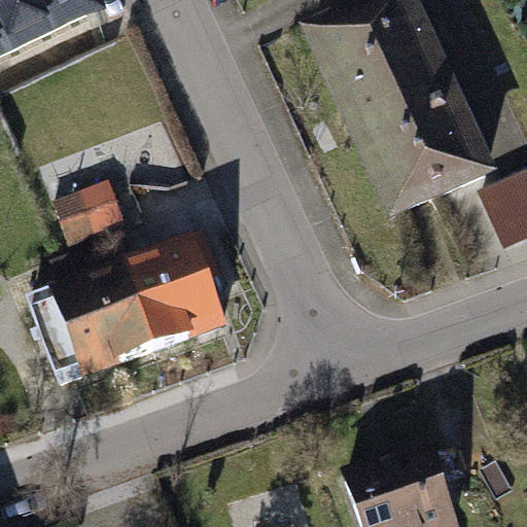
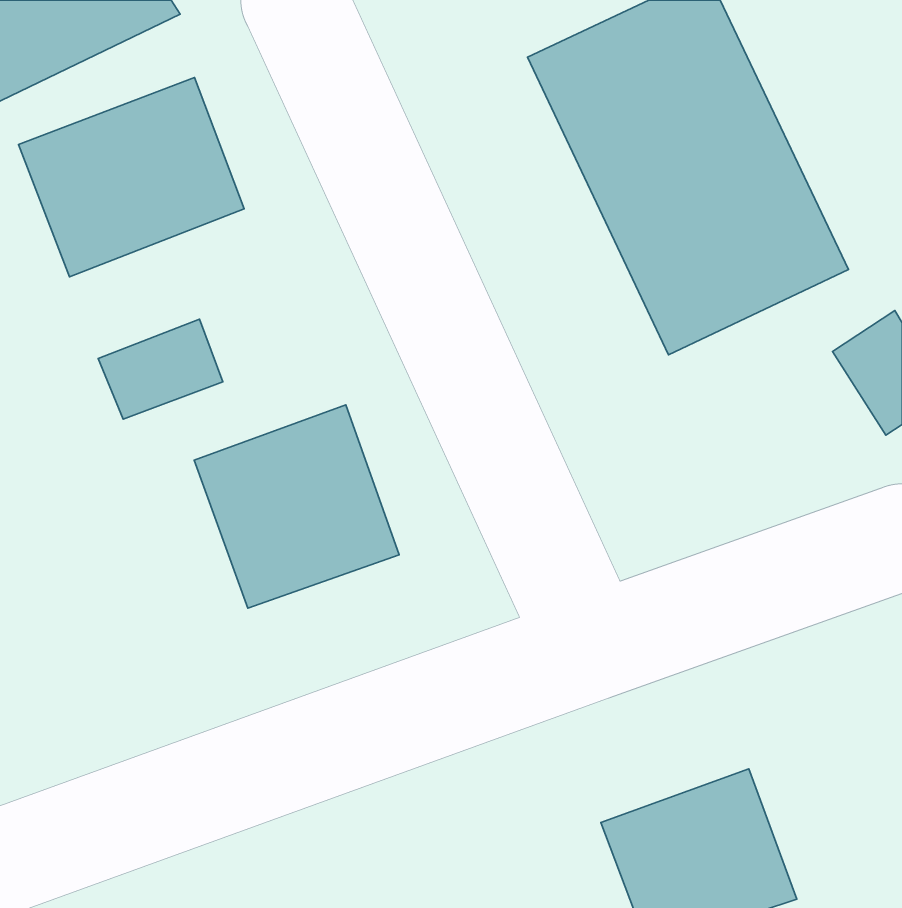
building: none -> [19,78,244,277]
building: [24,268,143,385] -> none

